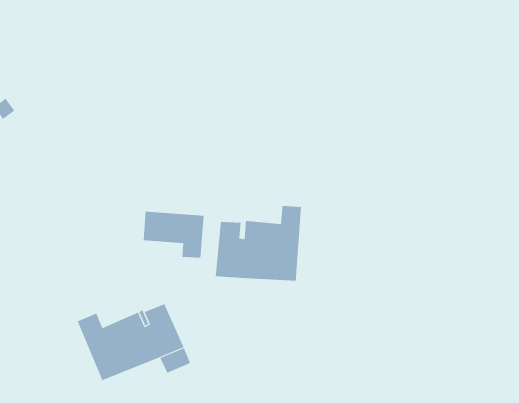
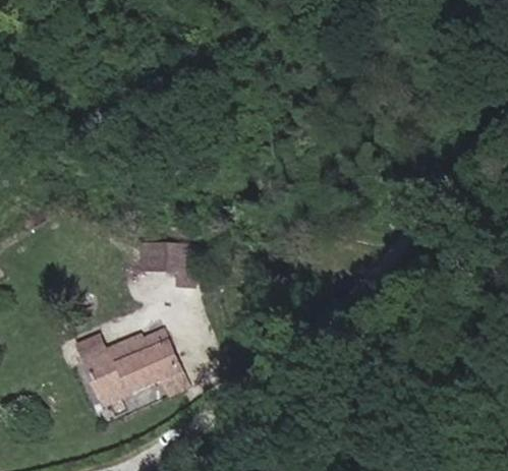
building: [215,205,302,281] -> none

